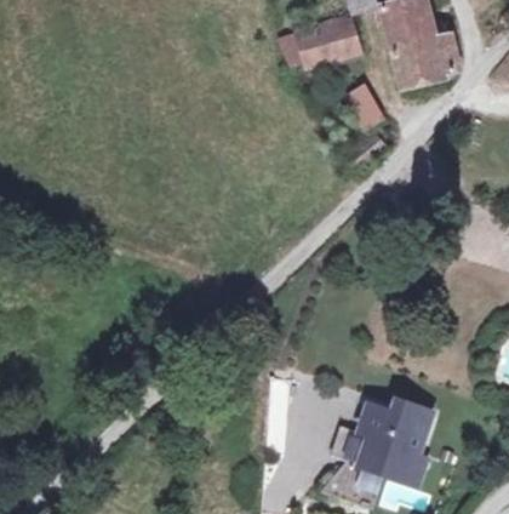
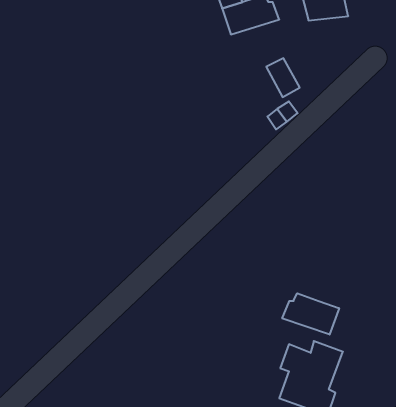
building: [394,39,462,86] -> none
building: none -> [282,293,339,335]

